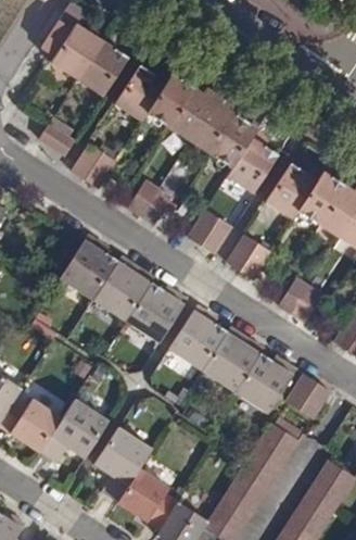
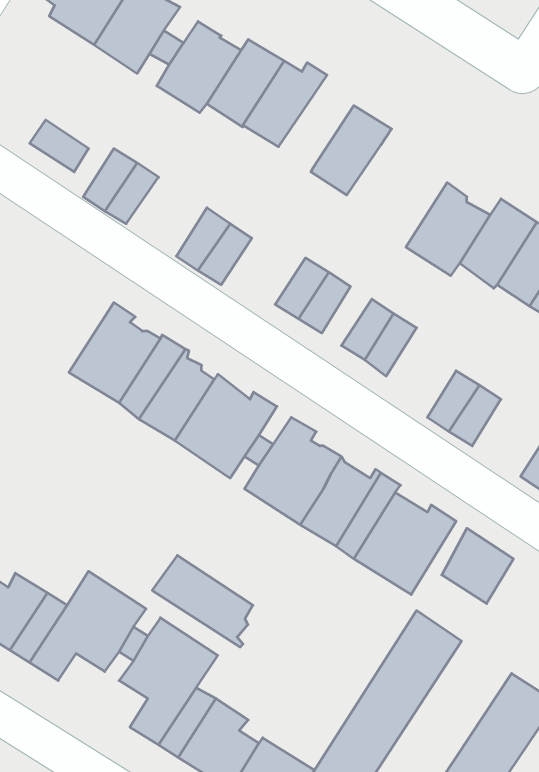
building: [188,97,233,153] -> none
building: [226,139,277,192] -> none
building: none -> [152,555,253,647]

